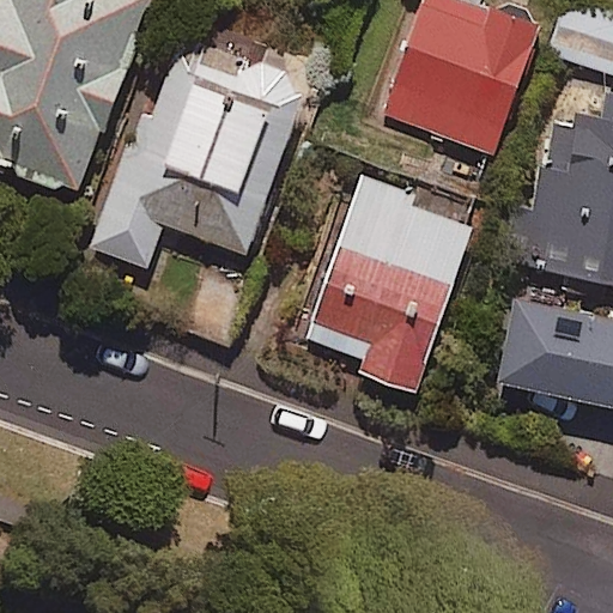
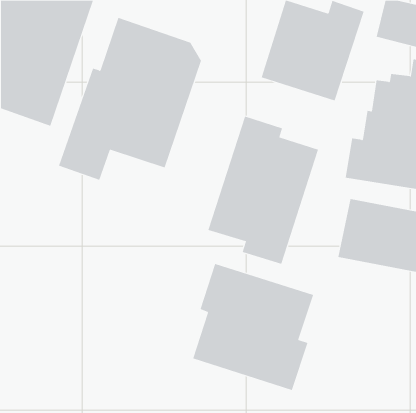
building: none -> [193,263,314,391]

